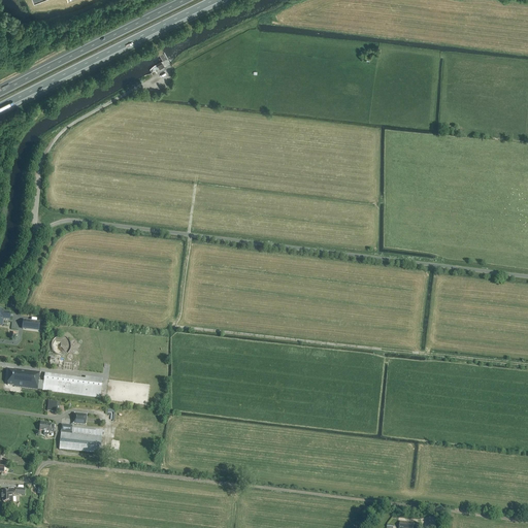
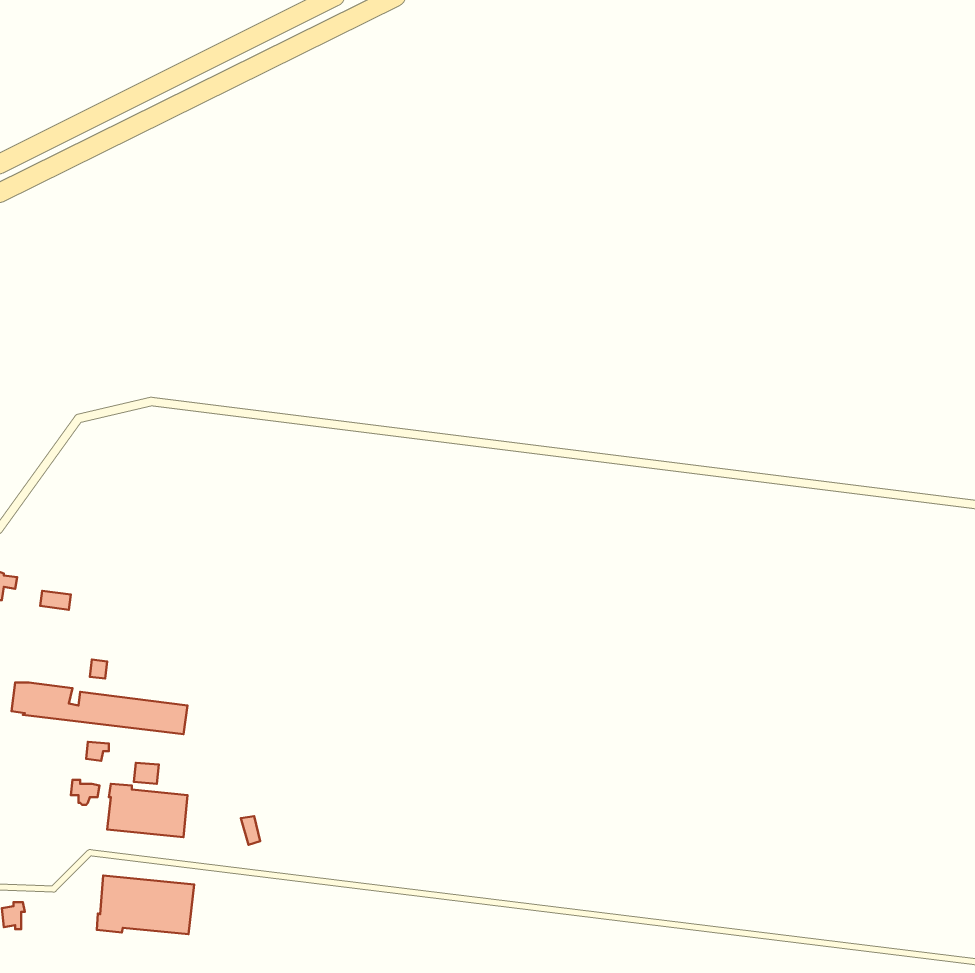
building: none -> [97,875,194,934]

